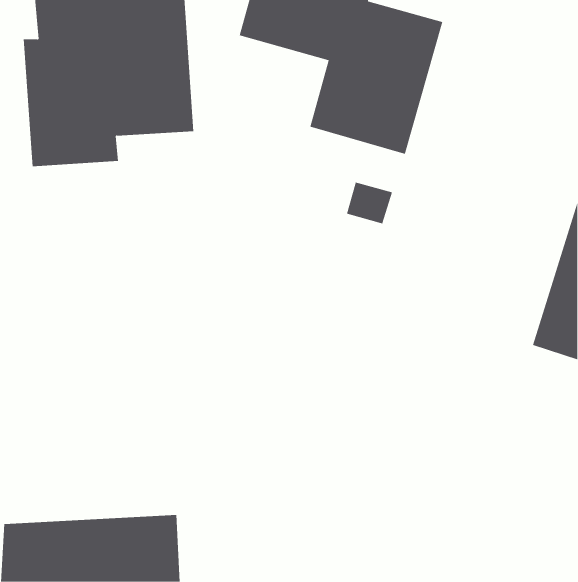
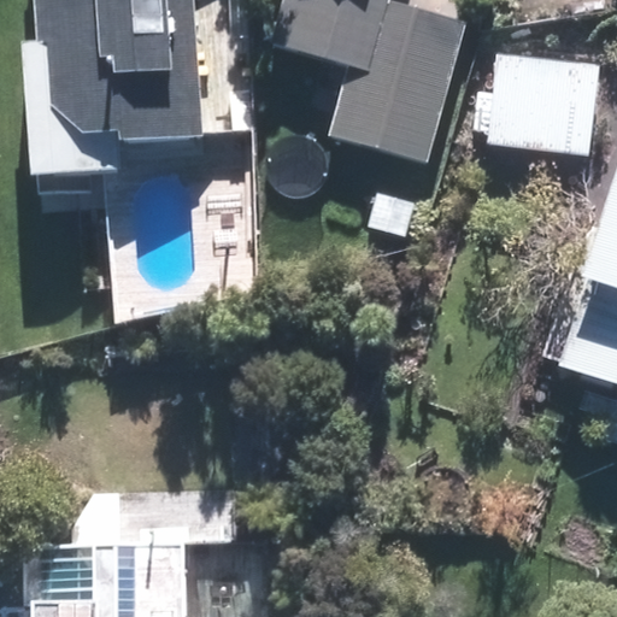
building: none -> [483,55,597,155]

